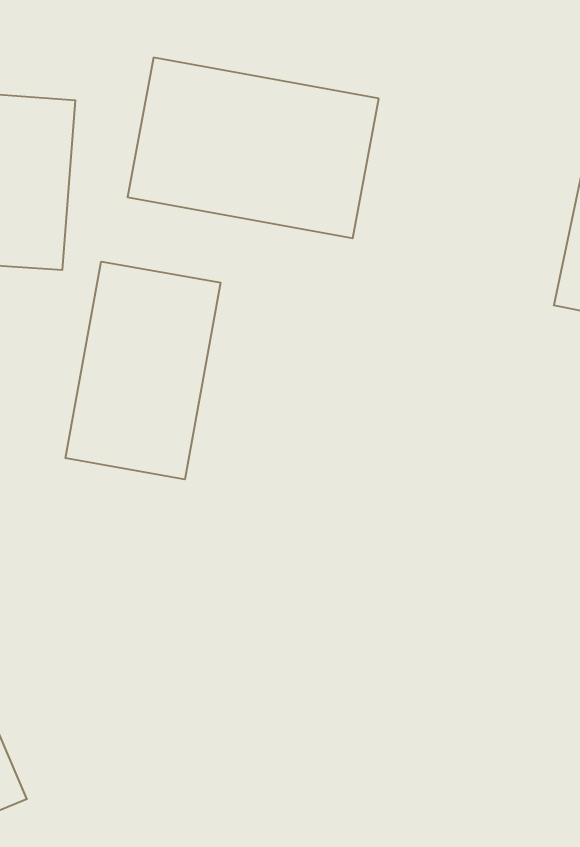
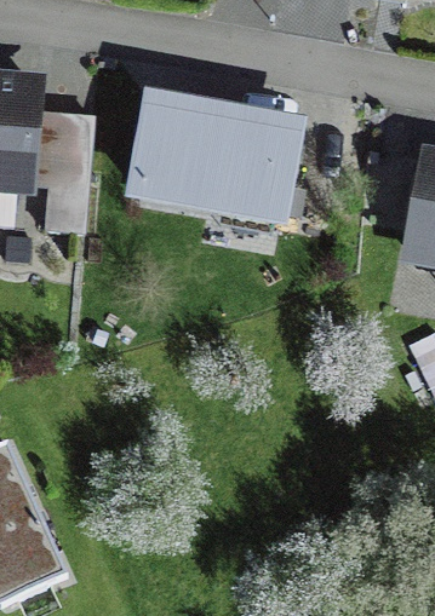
building: [66,262,221,479] -> none

